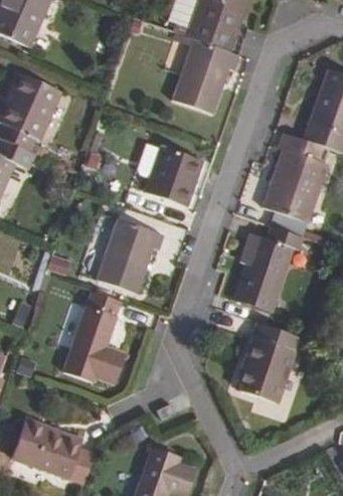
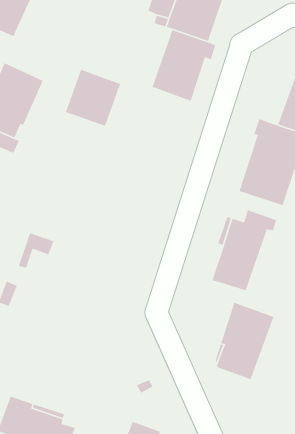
building: [145,146,203,206] -> [65,69,121,127]
building: [96,217,164,294] -> none
building: [63,291,126,383] -> none

